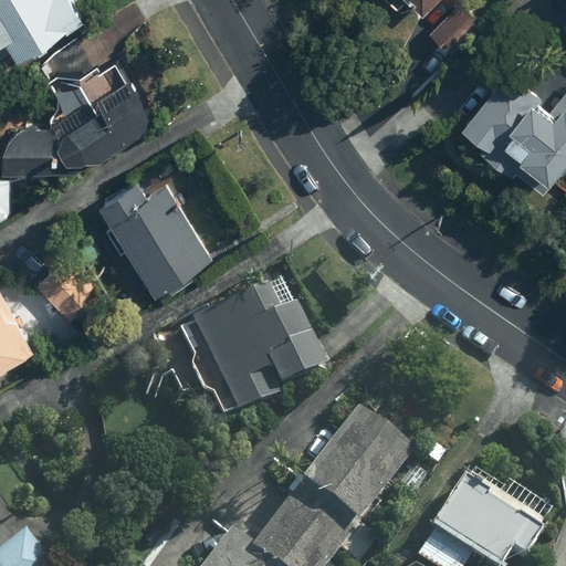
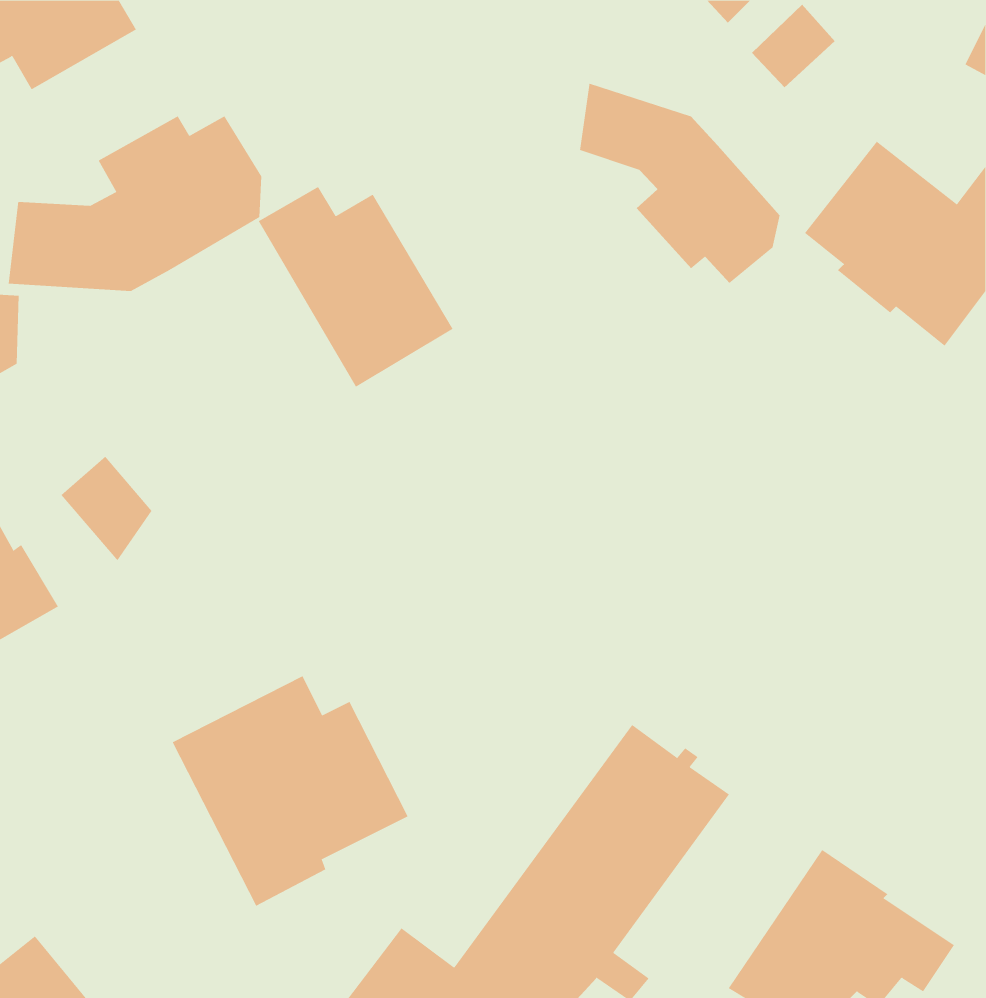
building: none -> [579,83,780,284]
building: [101,178,211,292] -> [258,186,453,388]
building: [188,289,322,419] -> [172,676,408,907]

